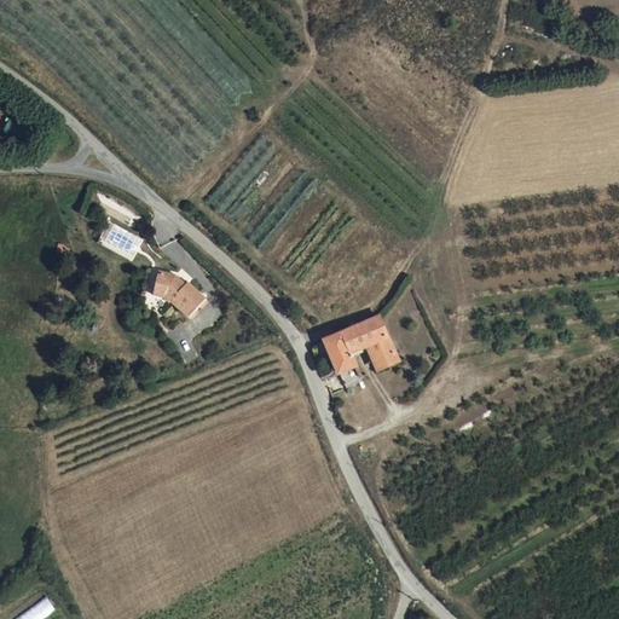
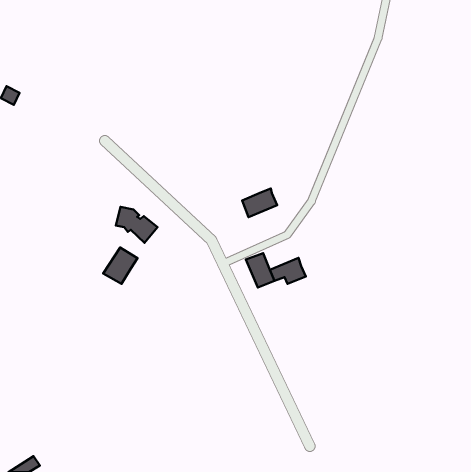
building: [343,314,389,352] -> [242,188,277,217]
building: none -> [103,248,137,284]

